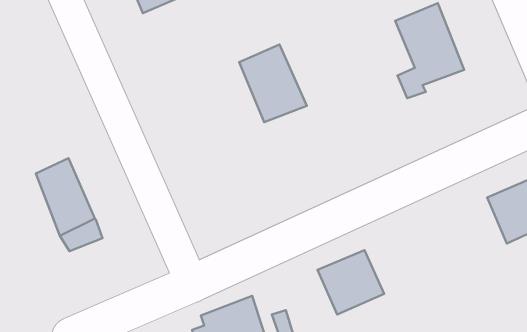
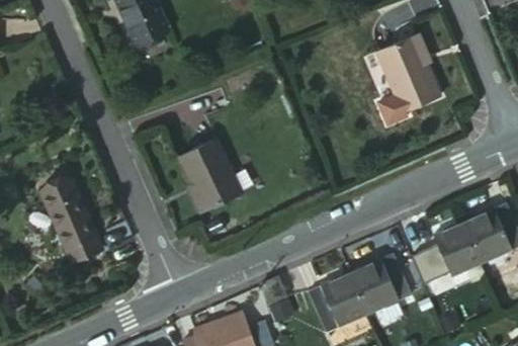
building: [239,45,307,122] -> [183,145,246,217]
building: none -> [415,220,478,281]
building: none -> [346,249,408,309]

